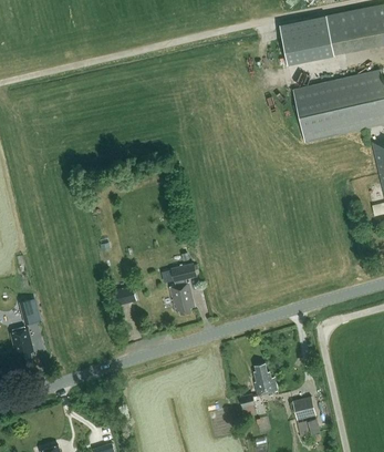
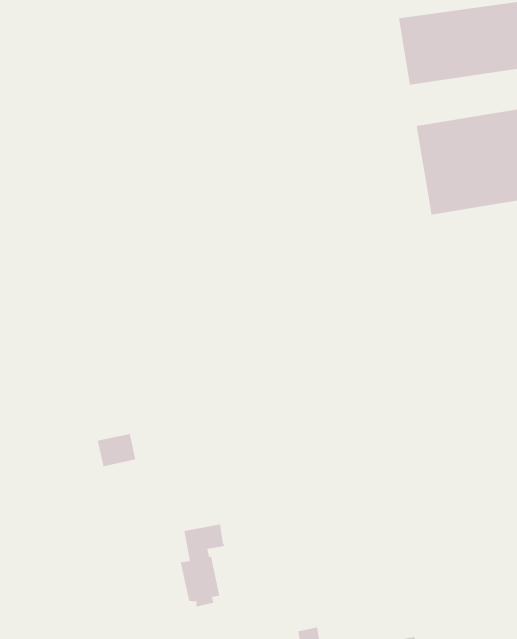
building: [169,264,196,315] -> [180,524,225,607]
building: [255,363,277,396] -> none

